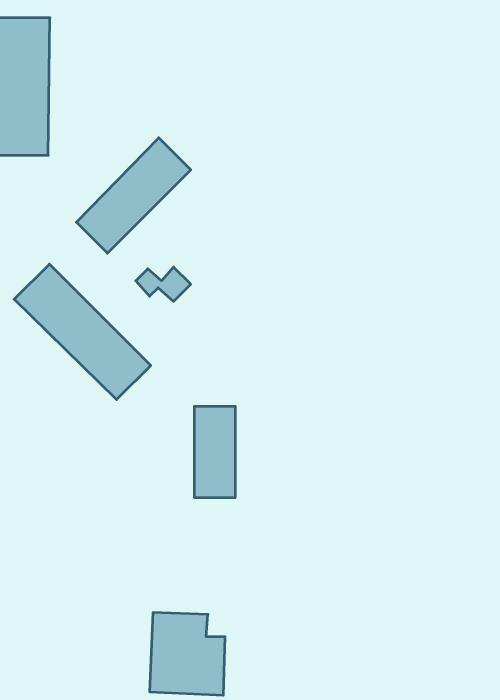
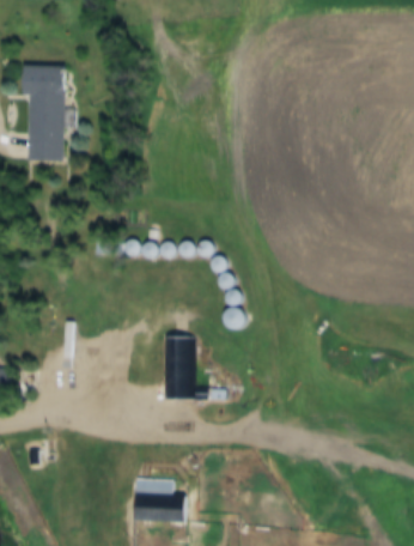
building: [76,138,191,253] -> none
building: [14,264,151,400] -> none

